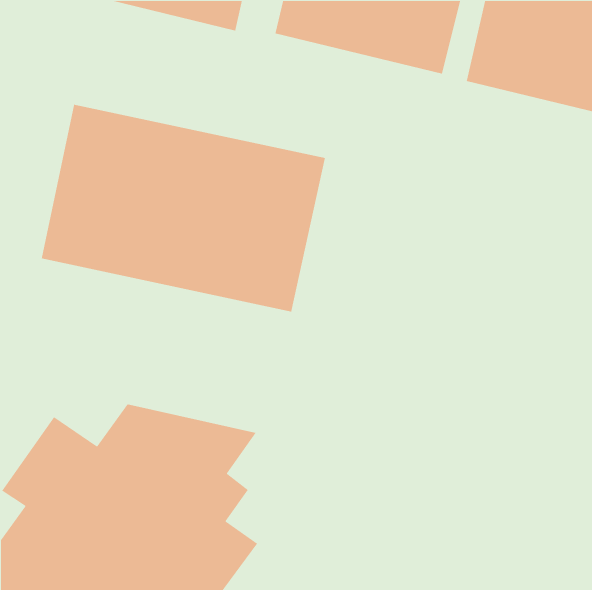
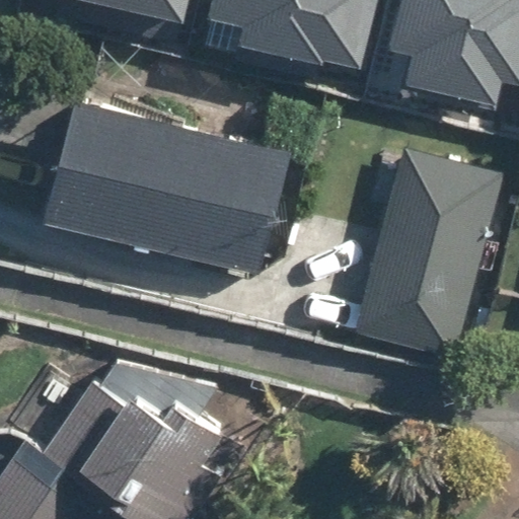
building: none -> [354,153,507,358]

